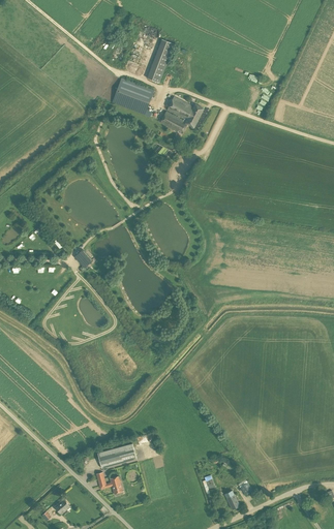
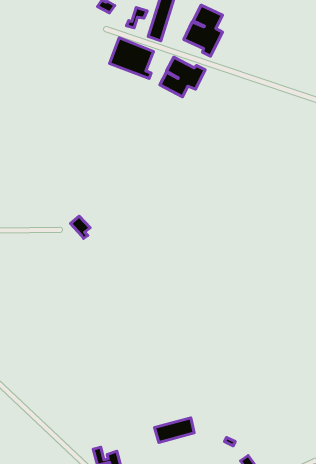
building: none -> [184,5,223,56]
building: [97,443,135,467] -> [154,418,194,442]

